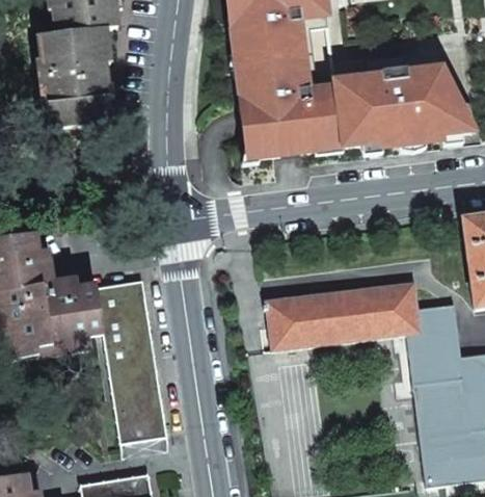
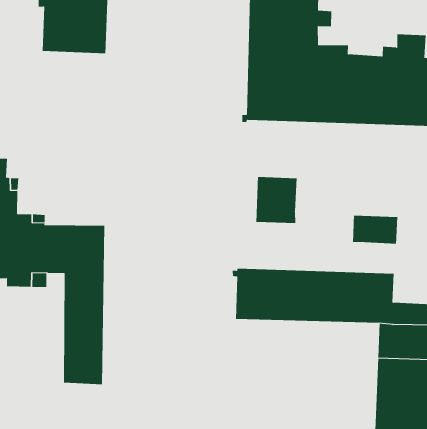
building: none -> [256,176,297,224]
building: none -> [353,215,398,244]
building: [120,280,167,443] -> none

